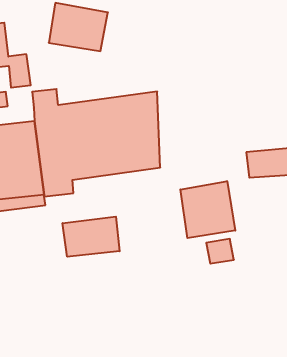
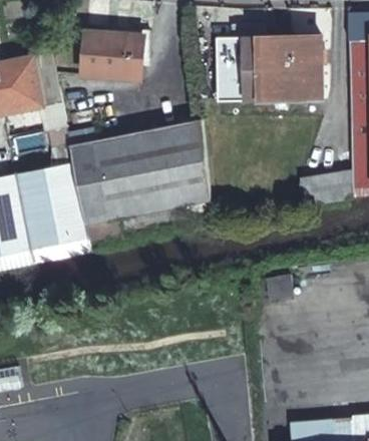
building: none -> [222,36,327,98]
building: [180,181,235,238] -> none
building: [63,217,120,257] -> none

